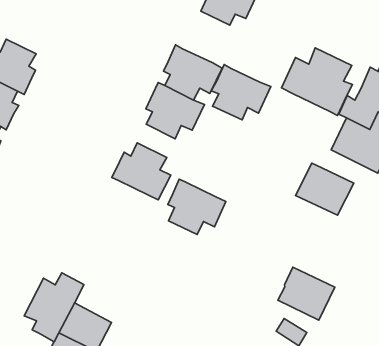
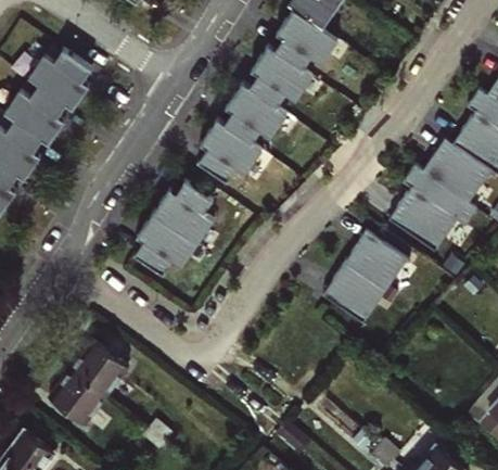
building: [281,48,353,115] -> none
building: [211,64,271,120] -> [248,46,314,107]
building: [168,179,226,235] -> [133,213,197,275]
building: [278,267,335,320] -> [322,263,385,323]
building: [24,273,84,342] -> none

